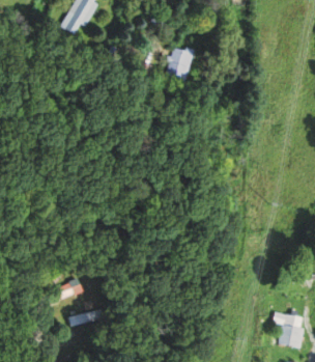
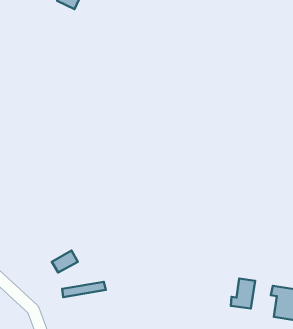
building: [164,47,193,87] -> none
building: none -> [231,279,255,308]

